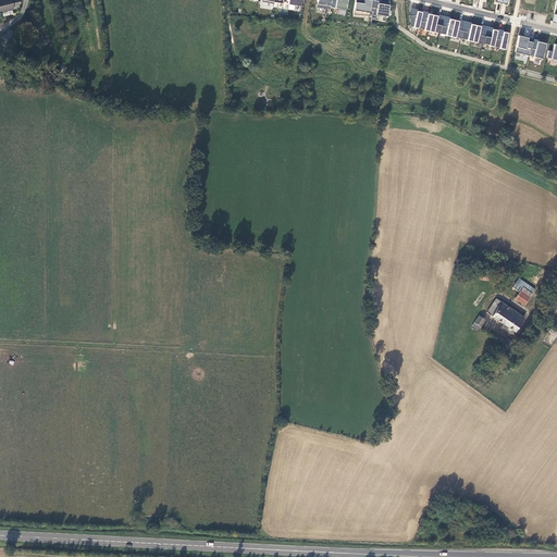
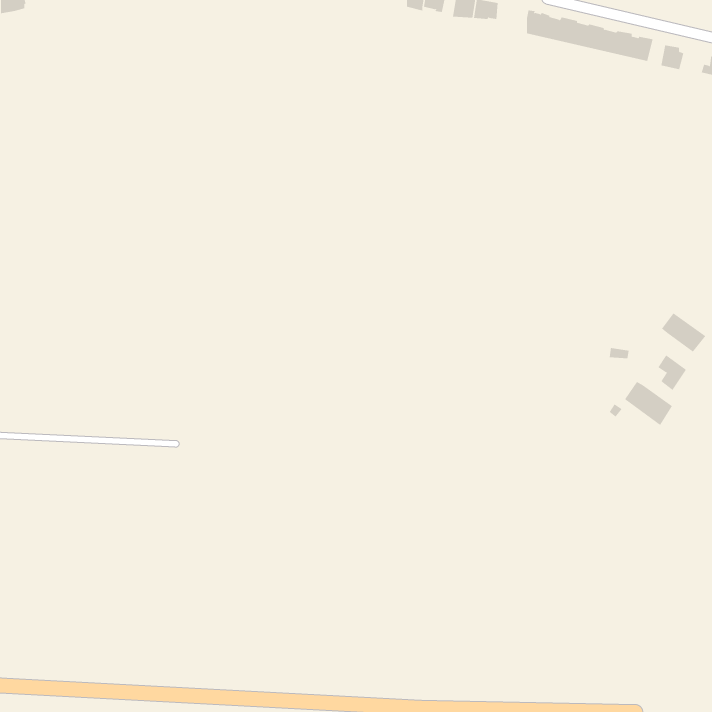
building: none -> [661,313,706,353]

